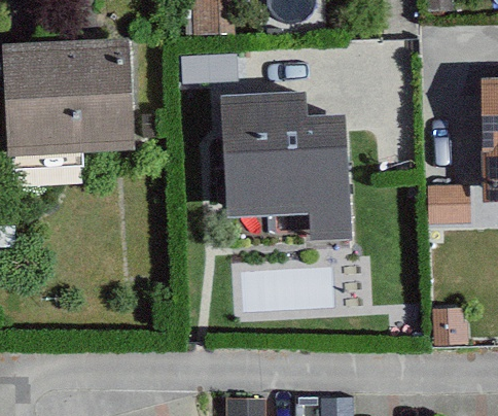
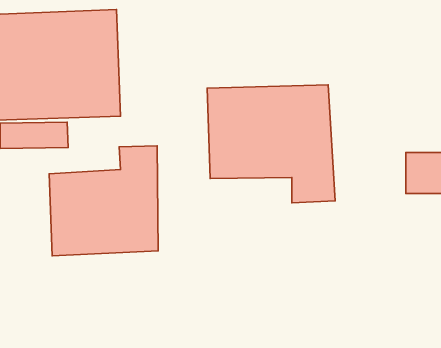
building: none -> [49,146,158,256]

